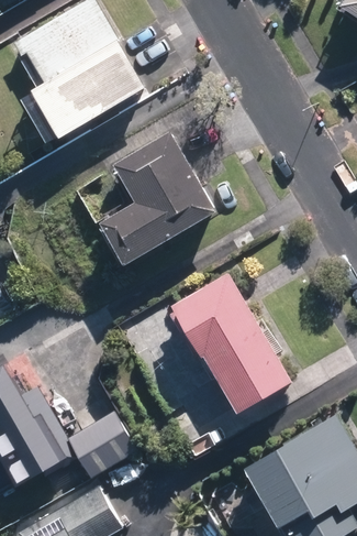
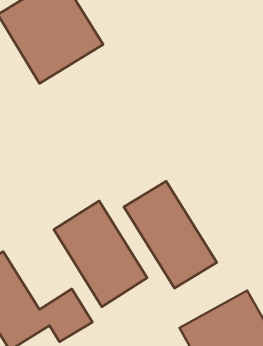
building: [94,121,217,266] -> none
building: none -> [54,201,147,307]

